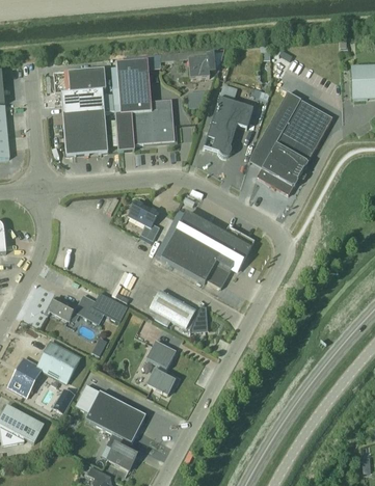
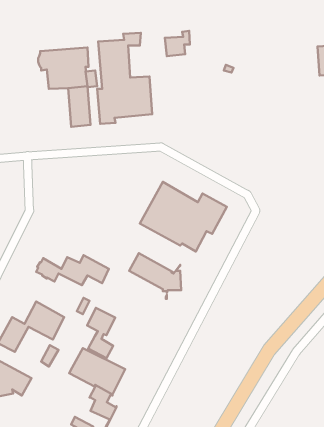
building: [251,90,332,193] -> none
building: [203,97,252,155] -> none
building: [62,111,86,154] -> none
building: [128,198,159,239] -> none
building: [145,339,176,393] -> [87,308,115,358]

